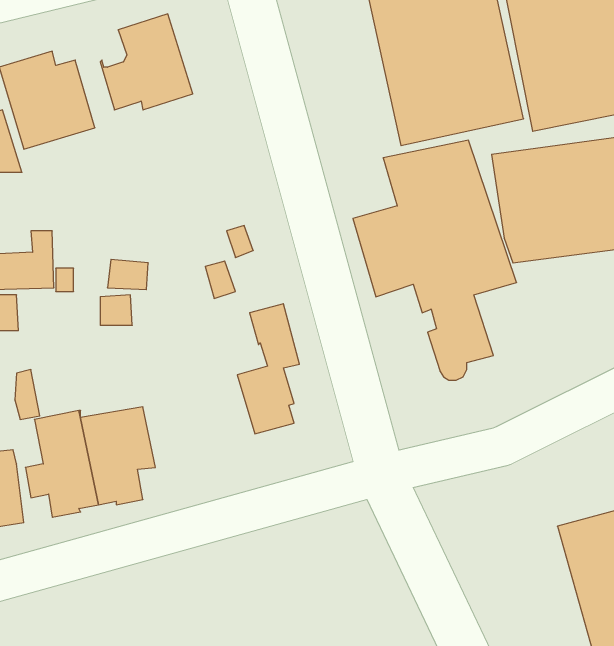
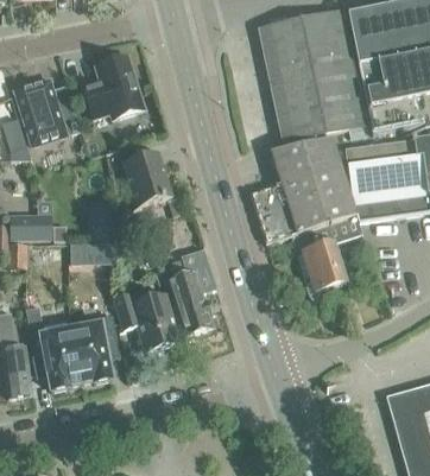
building: none -> [121,150,171,208]
building: none -> [113,291,181,351]

